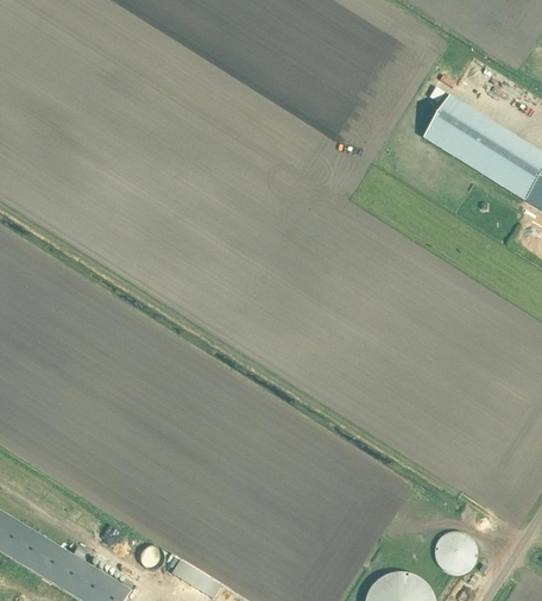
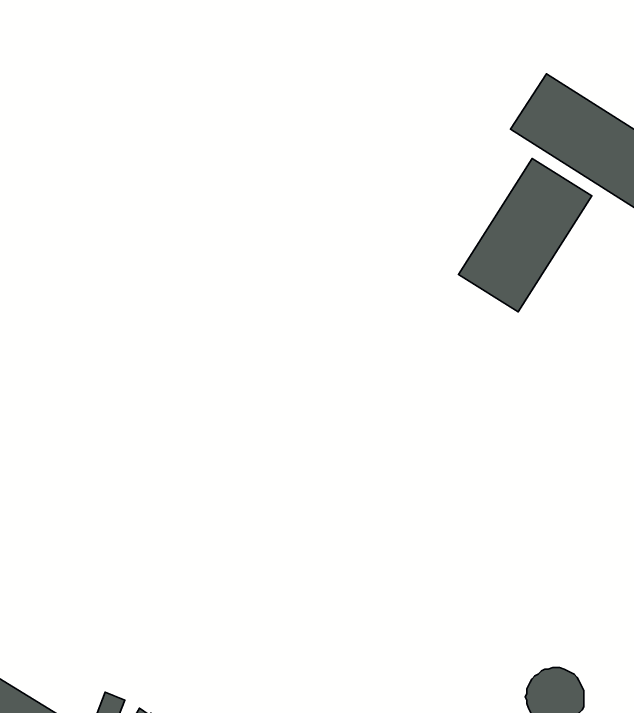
building: none -> [459,159,592,312]

